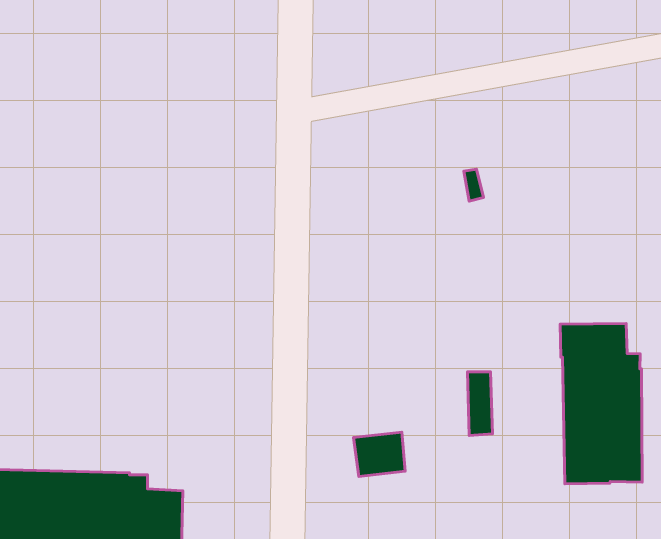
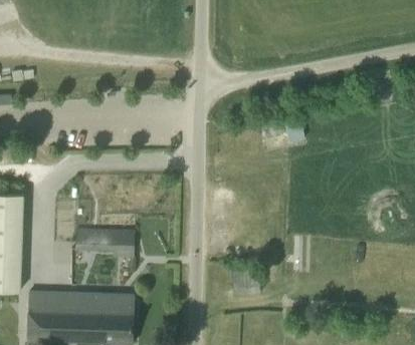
building: [560,323,642,484] -> none
building: none -> [75,226,135,255]

